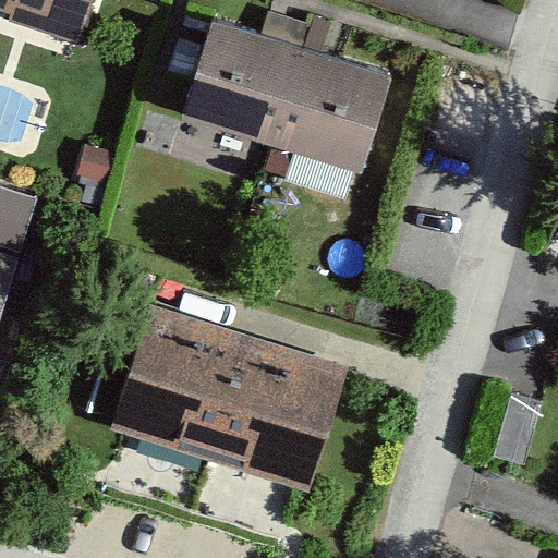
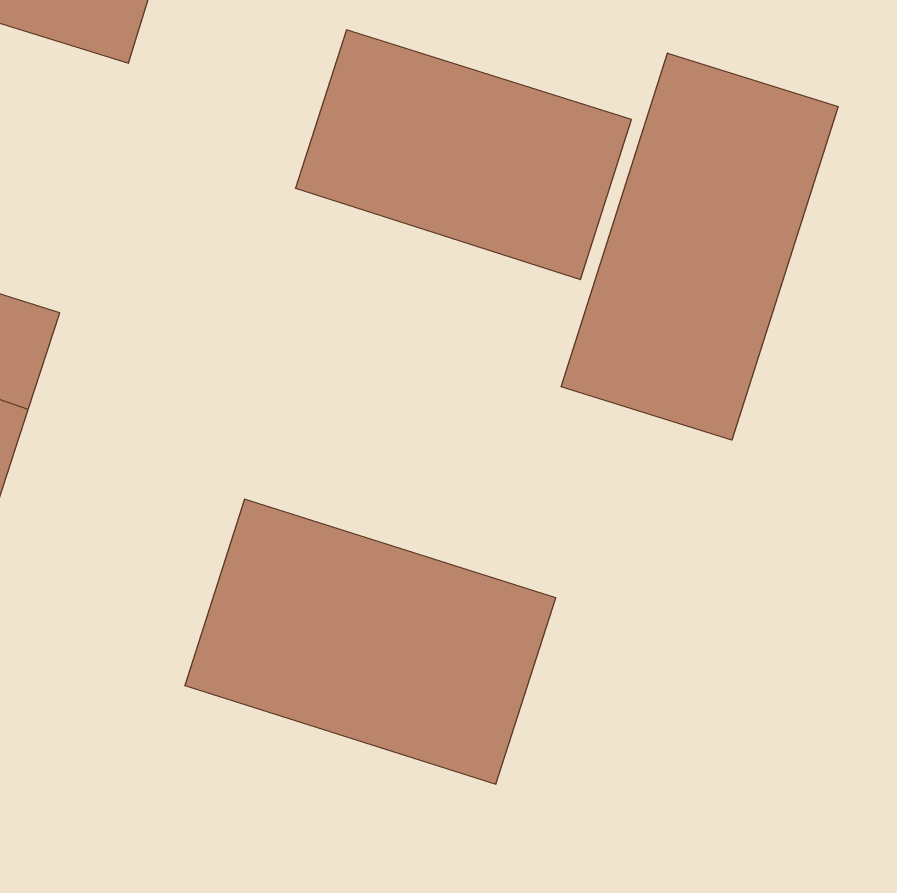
building: none -> [561,53,838,440]

